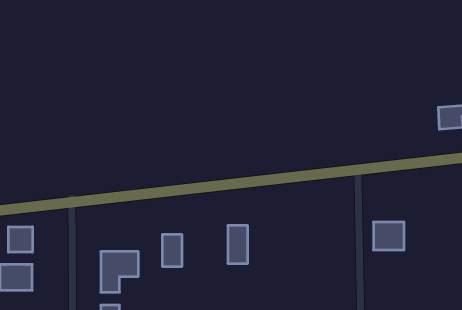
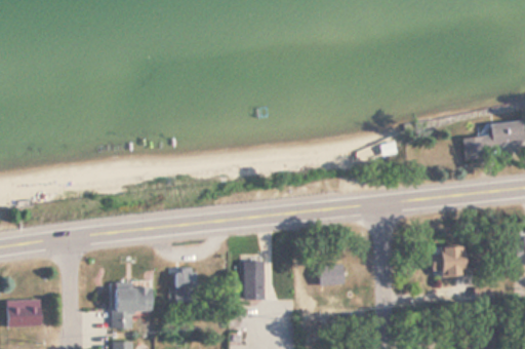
building: [373,222,404,250] -> [432,246,463,275]
building: [8,227,32,252] -> none
building: none -> [319,262,352,284]

